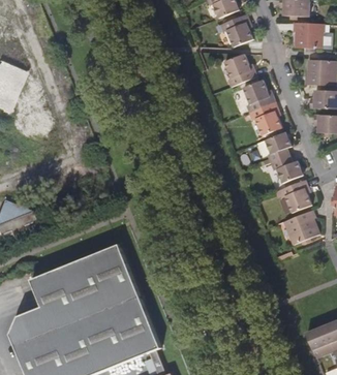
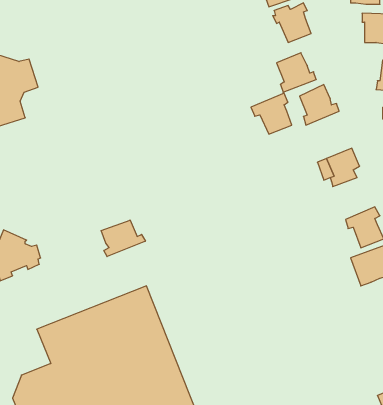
building: [248,102,281,135] -> [251,93,292,134]
building: [270,156,302,183] -> none
building: none -> [101,220,145,257]

